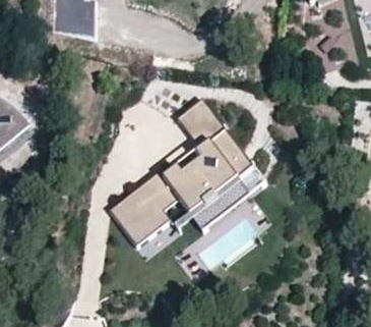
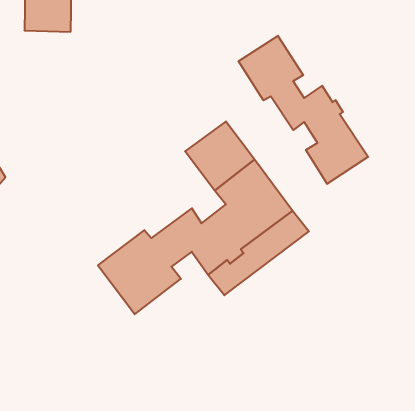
building: none -> [238,36,368,184]

